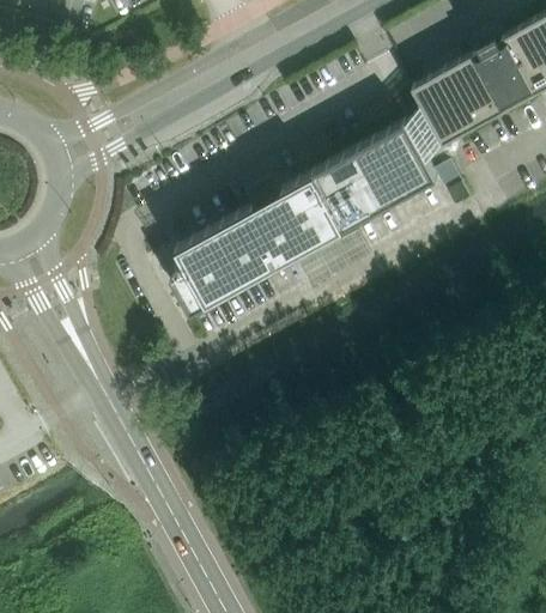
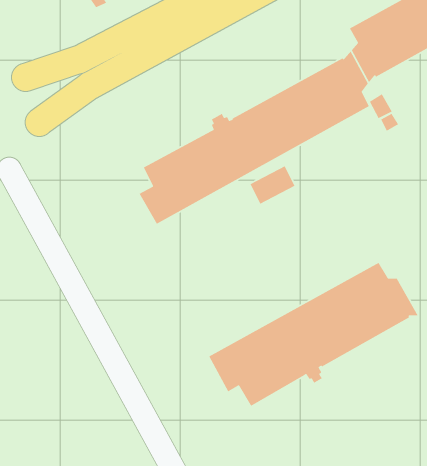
building: none -> [208,262,419,407]

